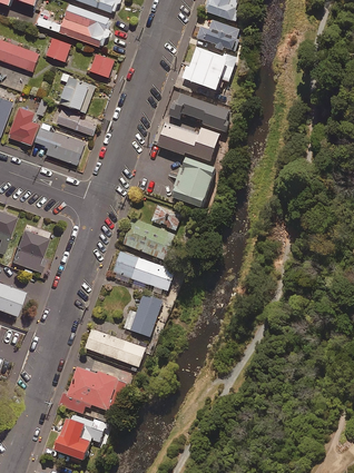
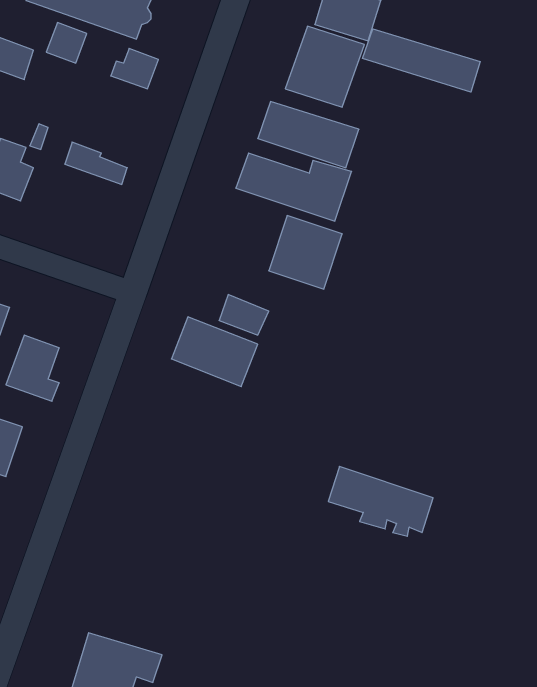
building: none -> [362,29,480,92]
building: [56,73,91,117] -> none
building: [33,125,81,167] -> none
building: [109,252,173,294] -> [328,466,433,536]
building: [120,294,158,337] -> none
building: [81,329,141,367] -> none
building: [63,365,129,412] -> none

